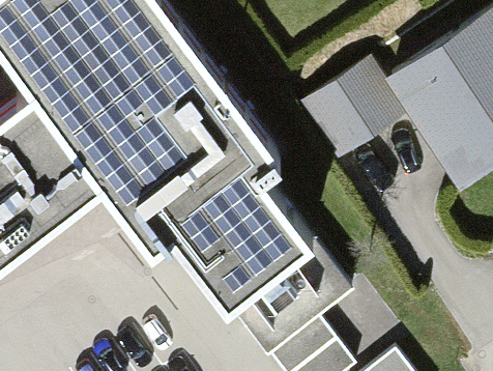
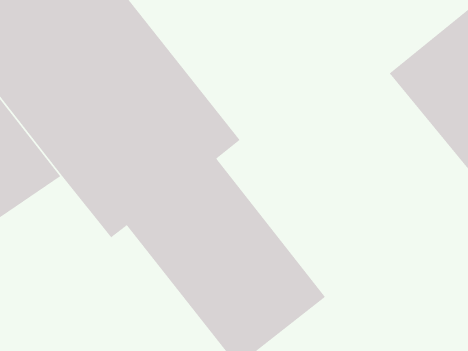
building: [313,51,415,153] -> none

